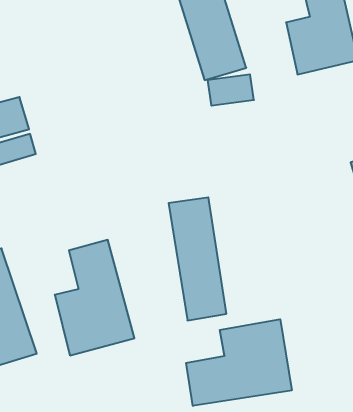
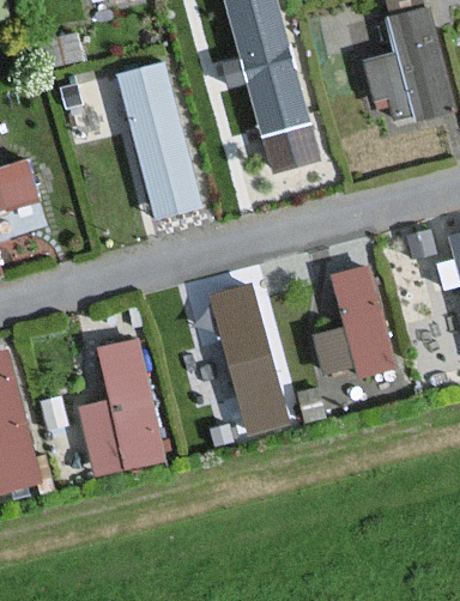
building: none -> [113,62,204,223]
building: none -> [311,262,397,378]
building: [186,319,292,406] -> none

